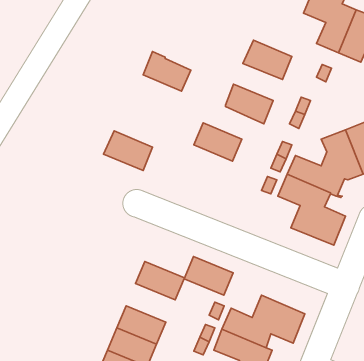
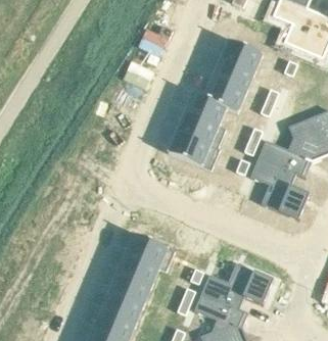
building: [143,51,191,91] -> [185,92,227,127]
building: none -> [212,60,254,93]
building: [104,131,153,170] -> [168,132,210,166]
building: [184,257,233,295] -> [118,253,160,287]

